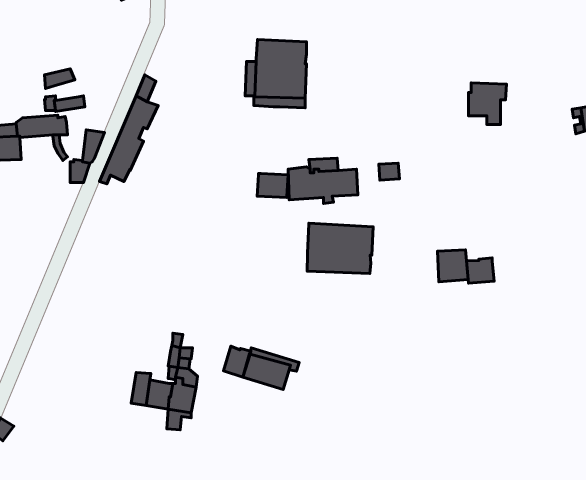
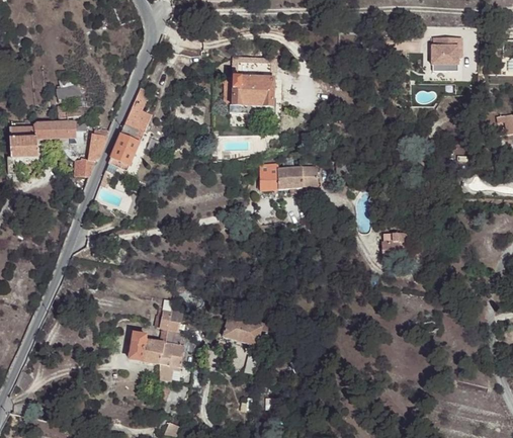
building: [469,83,507,124] -> [432,35,463,70]
building: [257,174,288,198] -> none
building: [307,223,373,273] -> none
building: [467,258,494,283] -> none
building: [224,346,251,377] -> none

